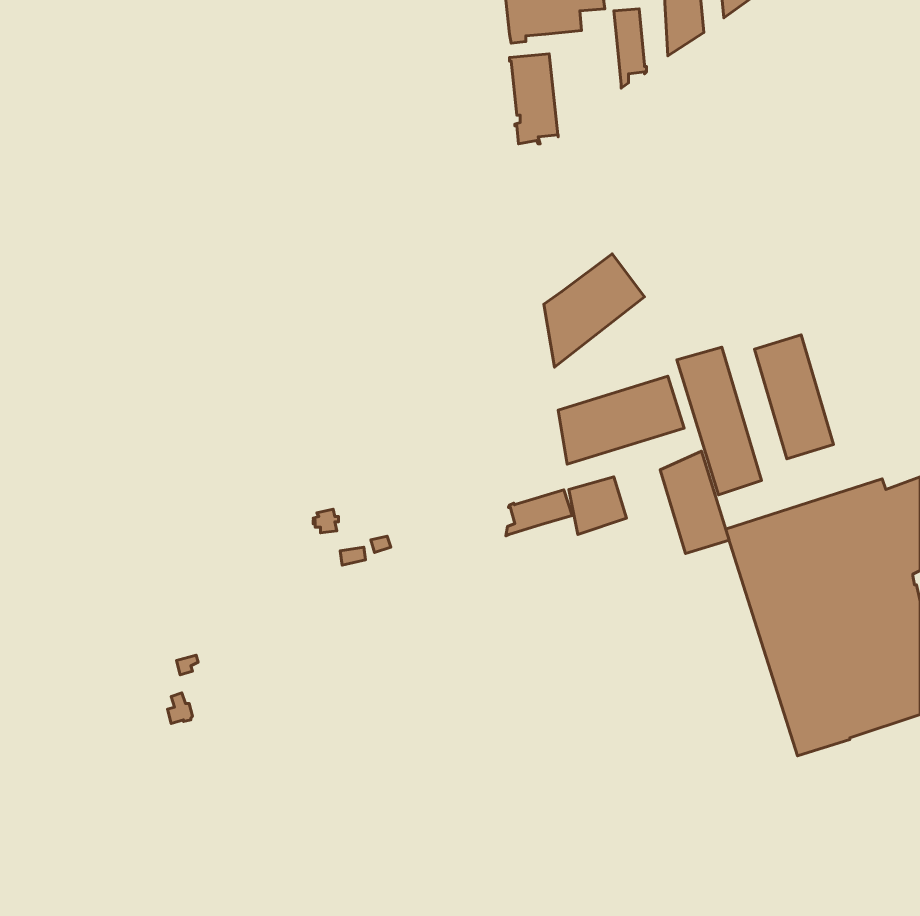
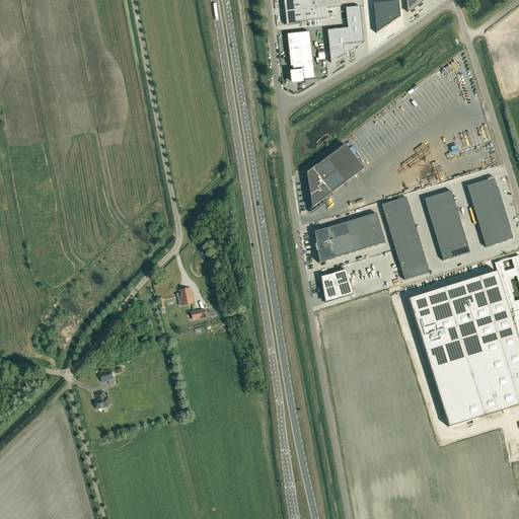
building: none -> [327,26,350,61]
building: none -> [467,175,513,245]
building: [660,451,729,554] -> none
building: [506,490,572,536] -> none

